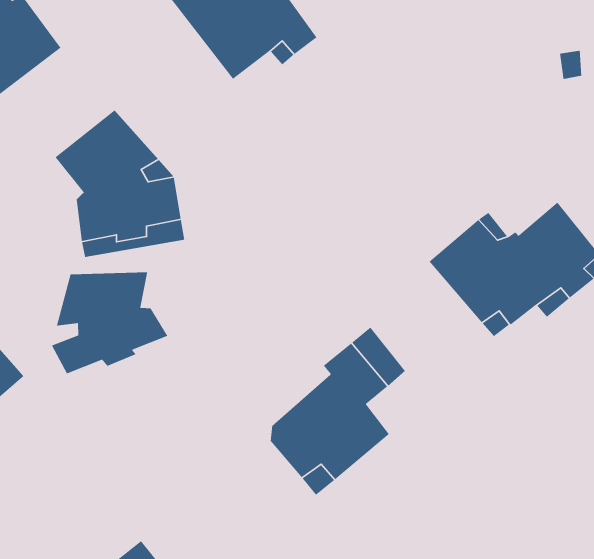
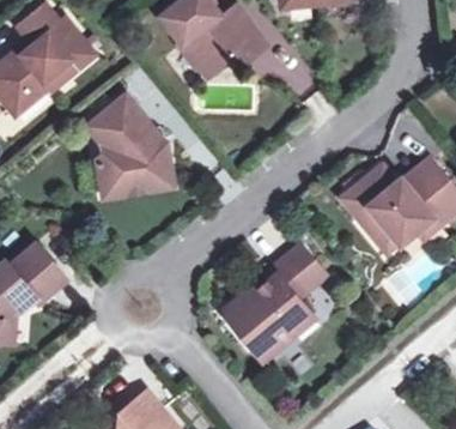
building: [51,271,168,374] -> none

